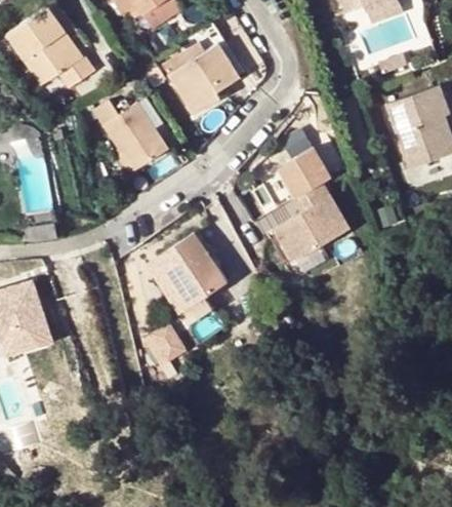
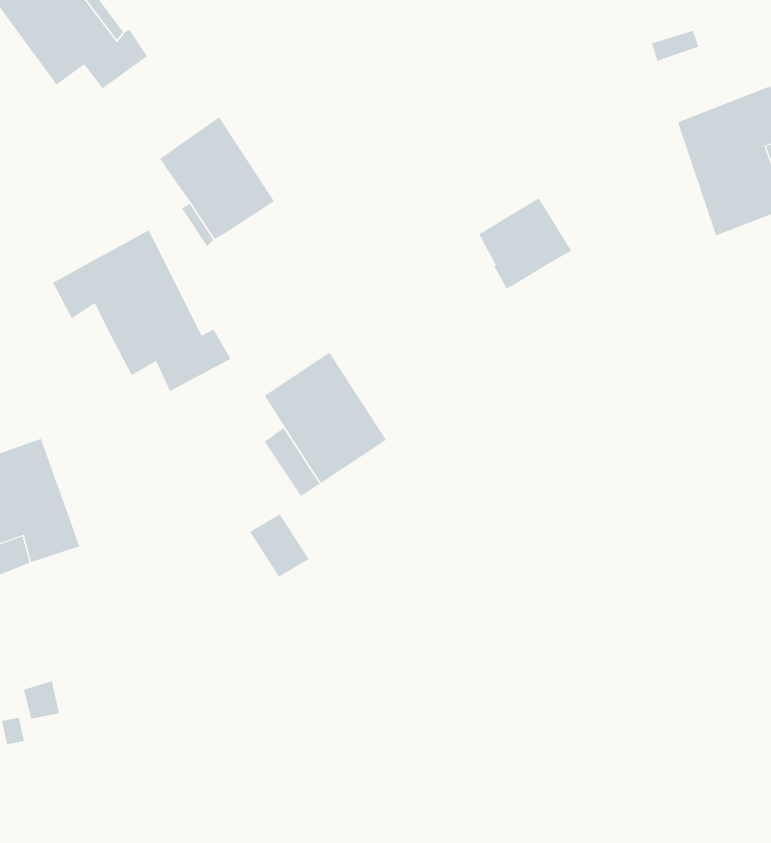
building: [167,43,237,115] -> none
building: none -> [52,229,231,392]
building: [273,181,350,261] -> none

